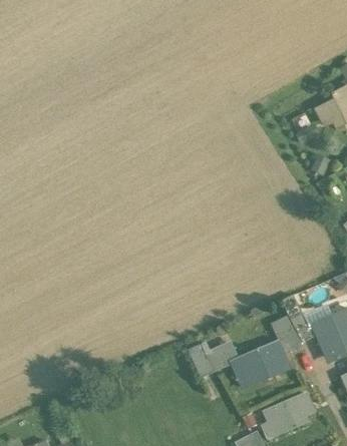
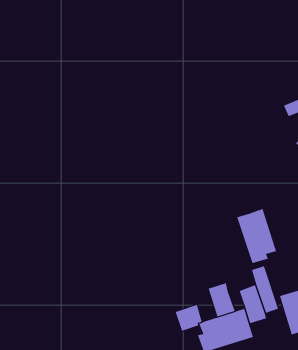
building: none -> [237,208,277,264]
building: [188,341,218,377] -> [208,282,235,317]

